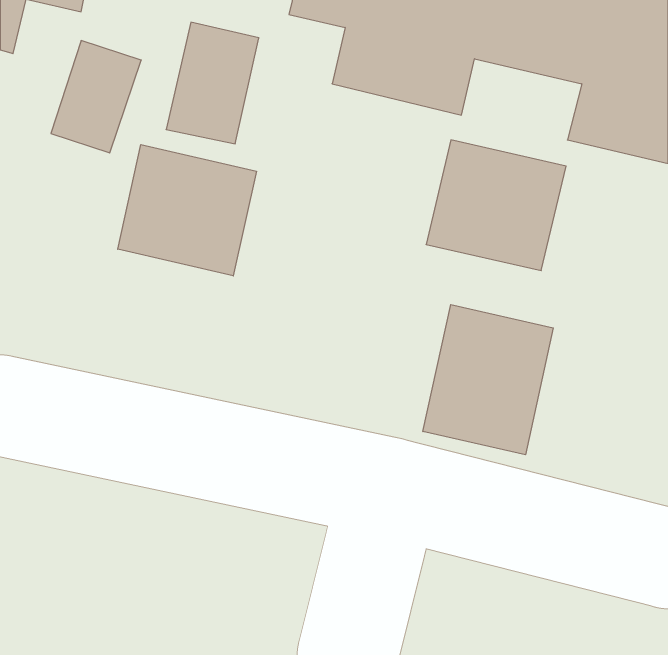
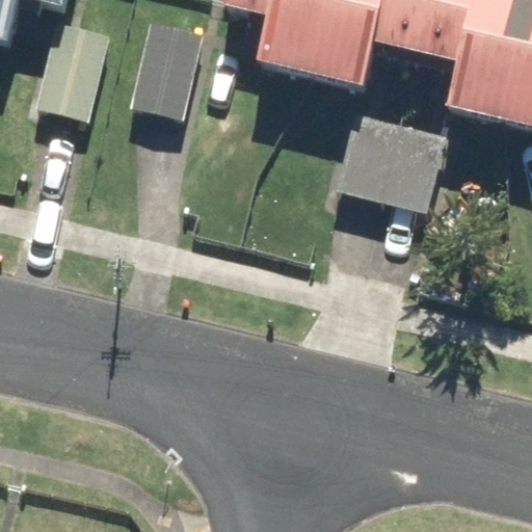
building: [118,145,256,276] -> none
building: [423,305,553,455] -> none

